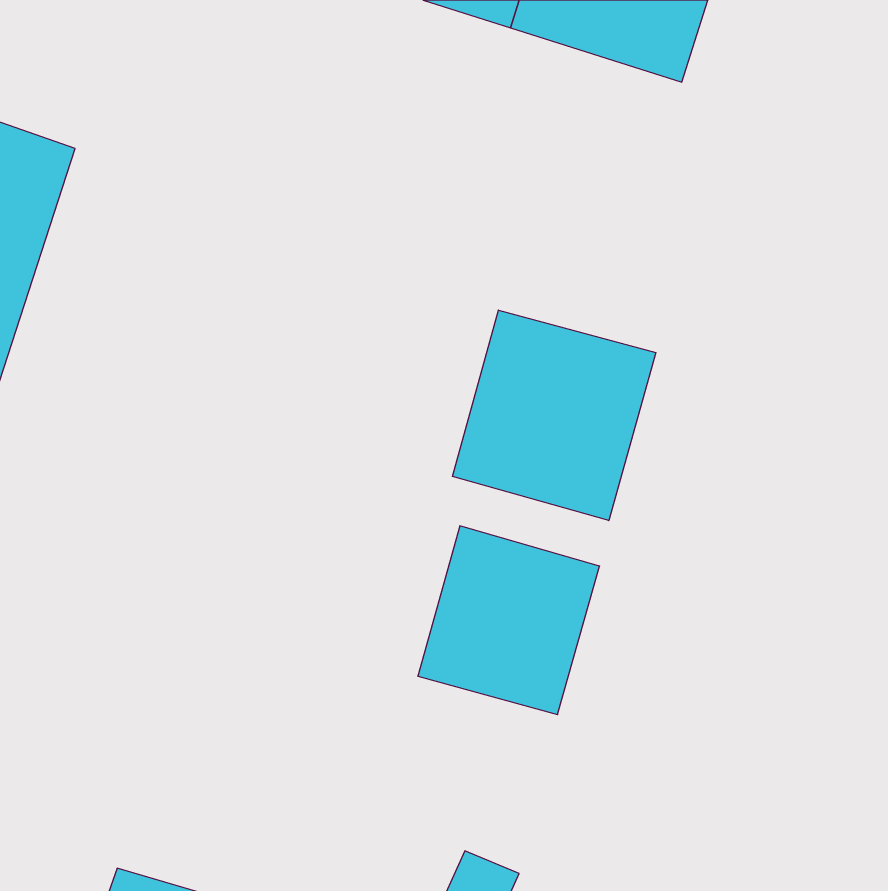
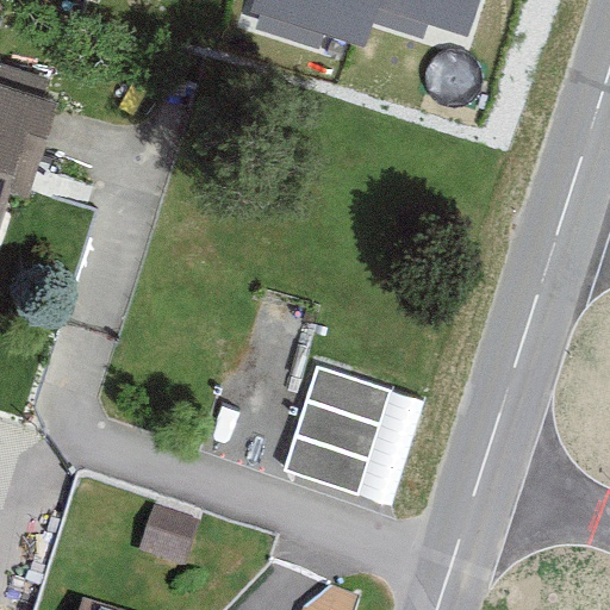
building: [453,310,656,521] -> none

